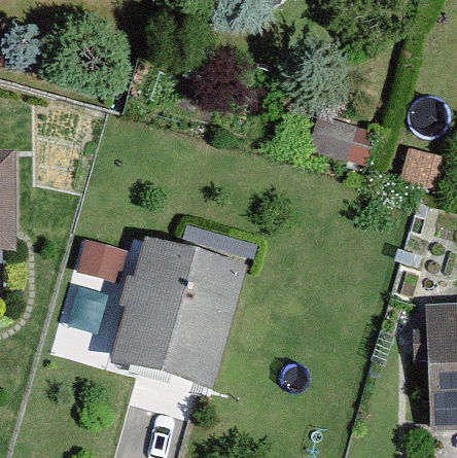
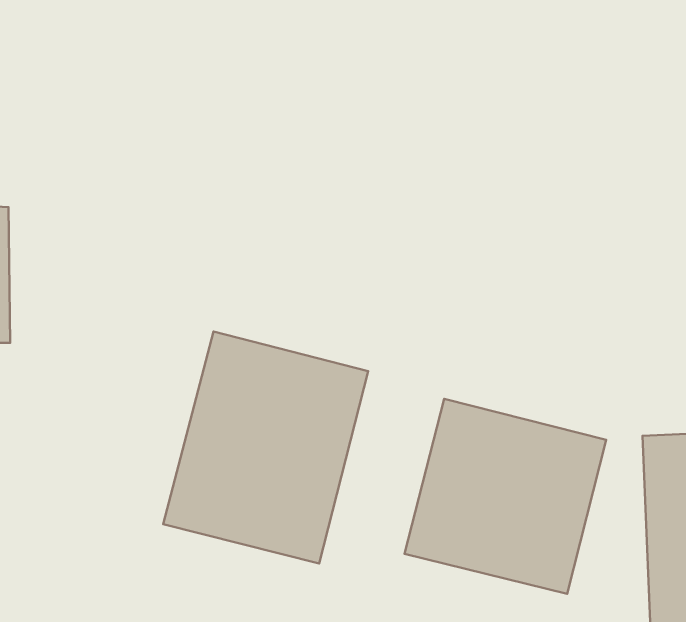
building: none -> [405,399,606,594]

